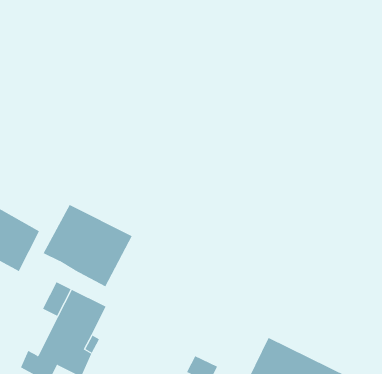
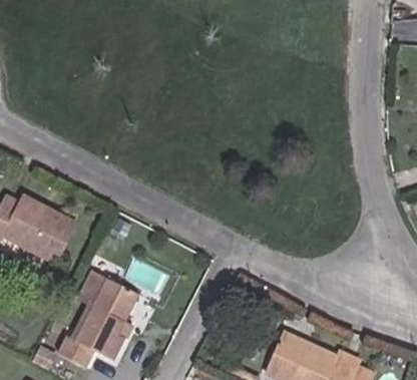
building: [43,204,133,287] -> none

